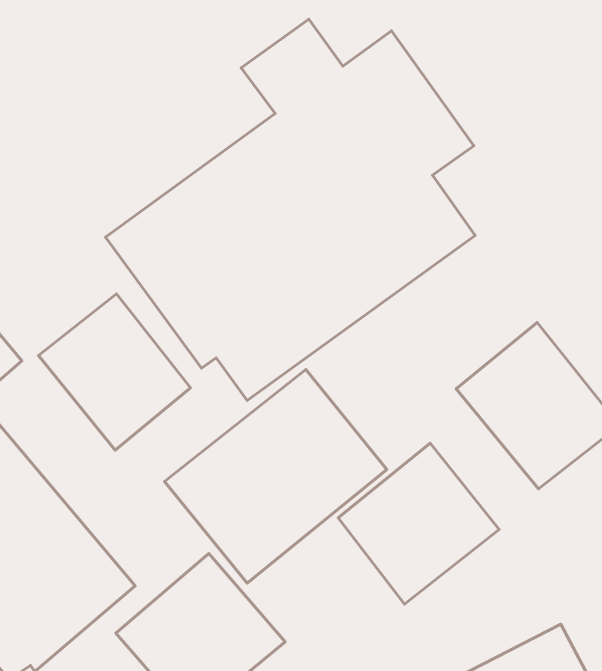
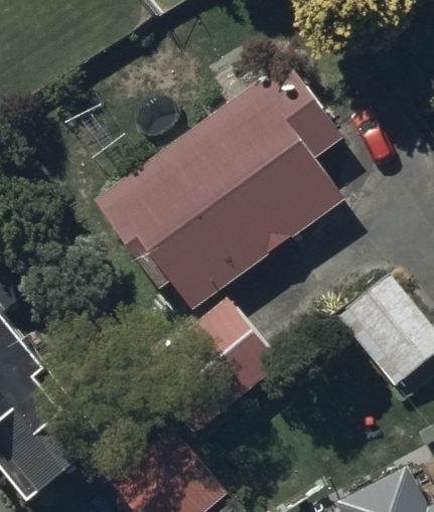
building: [38,294,190,450] -> none
building: [338,443,499,604] -> none

